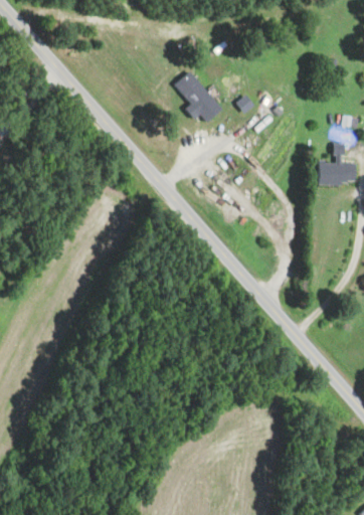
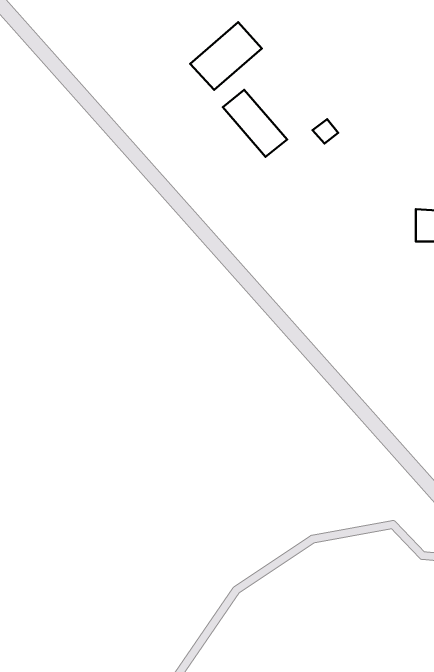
building: none -> [190,22,262,90]

